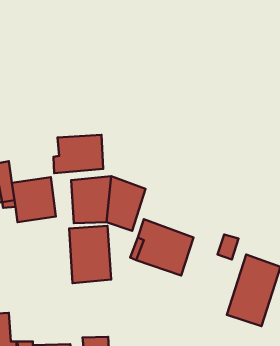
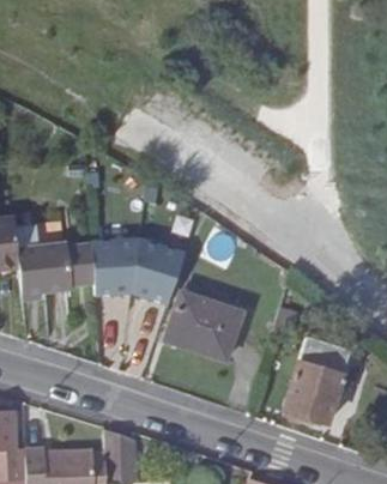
building: [53,135,103,173] -> none
building: [69,226,111,283] -> none

